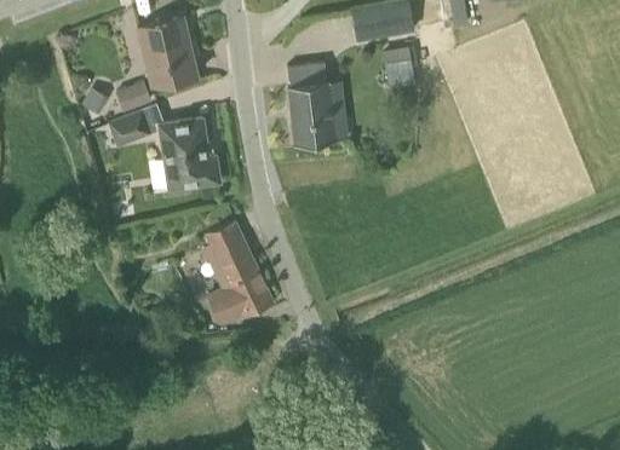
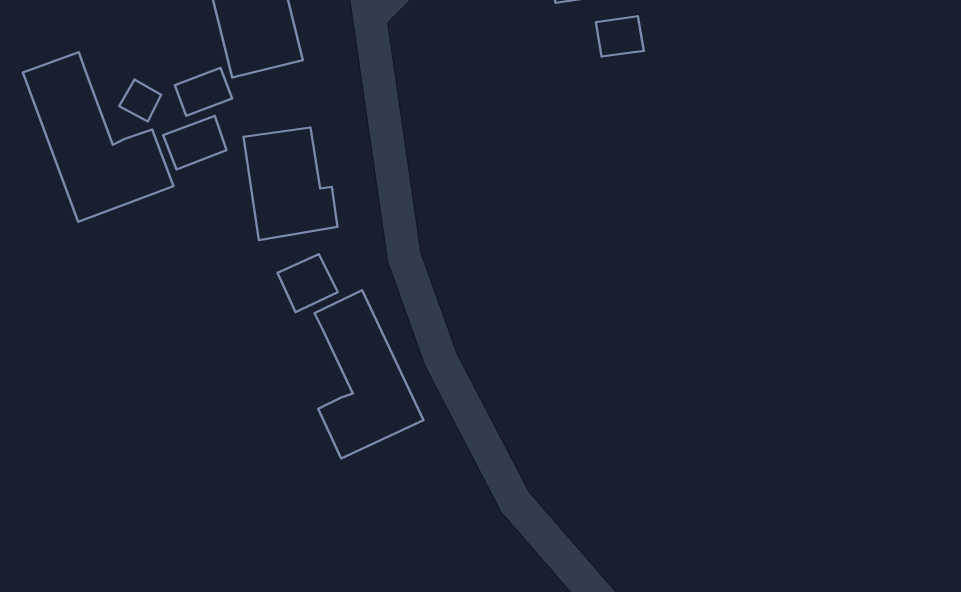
building: [287,63,333,145] -> none
building: none -> [23,52,174,222]
building: none -> [277,254,338,312]

